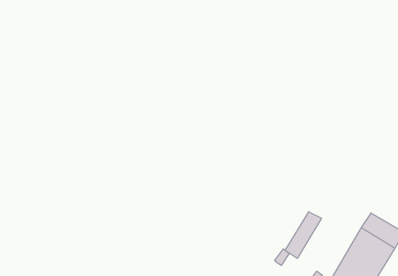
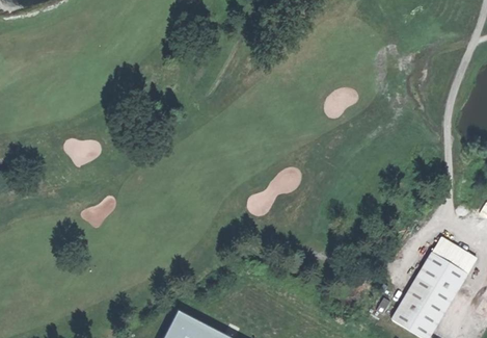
building: [285,212,321,258] -> none

